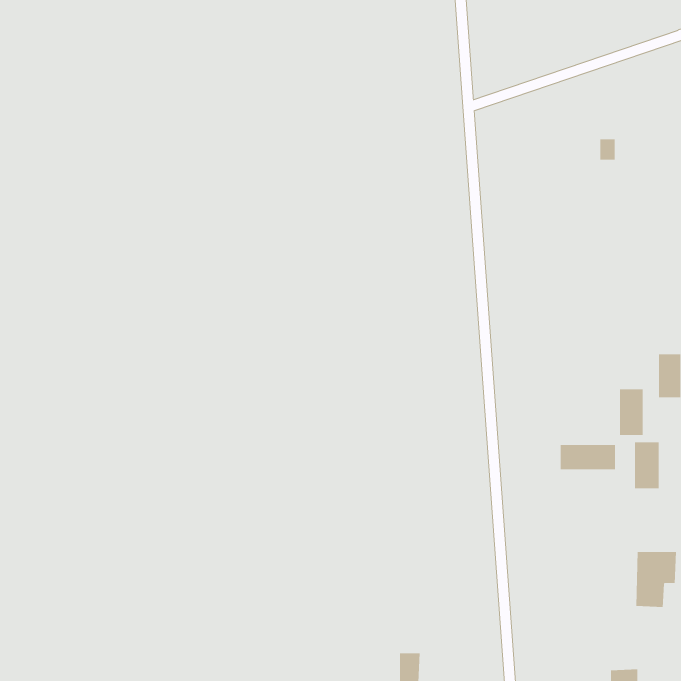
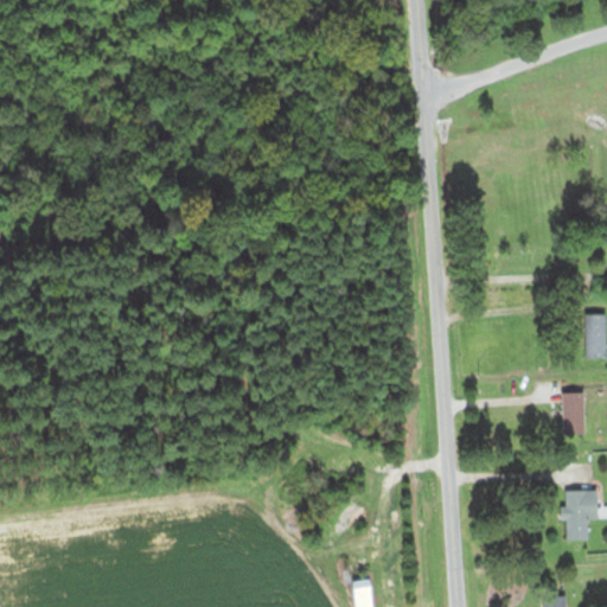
building: [619,388,643,436] -> none
building: [560,444,616,470] -> none

